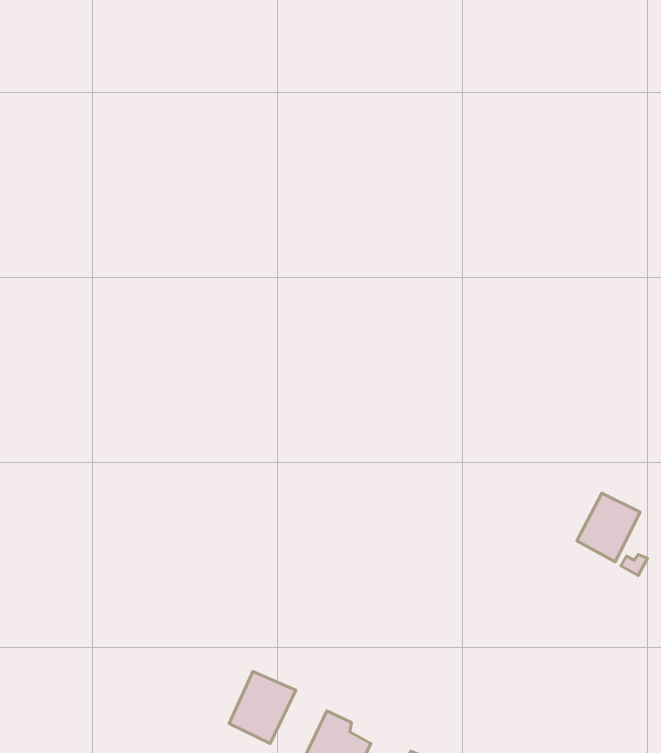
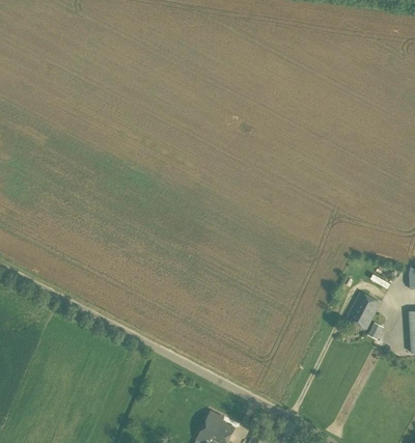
building: [229,672,296,743] -> none

